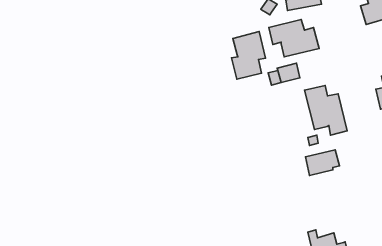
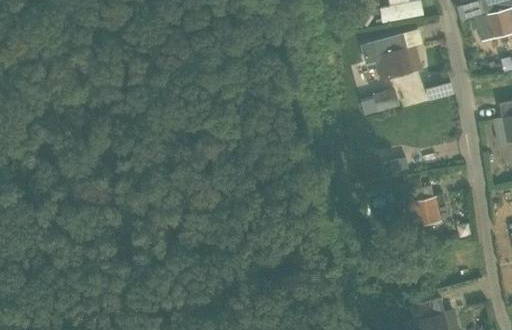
building: [231,31,265,79] -> none
building: [304,86,347,135] -> none

